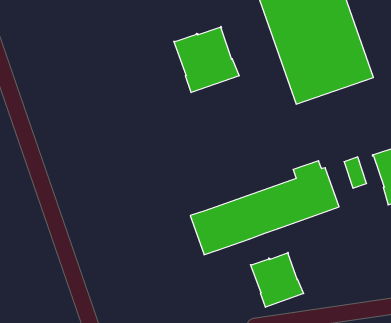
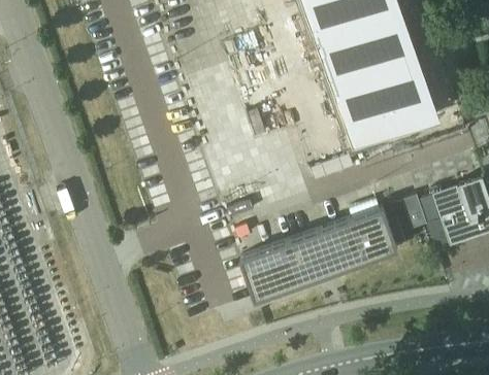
building: [174,26,239,93] -> none
building: [251,252,304,307] -> none

